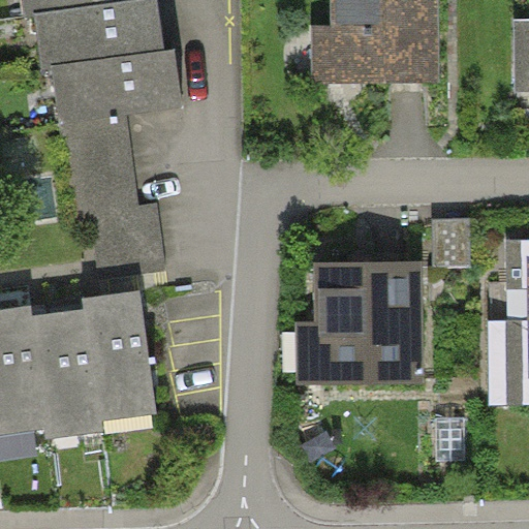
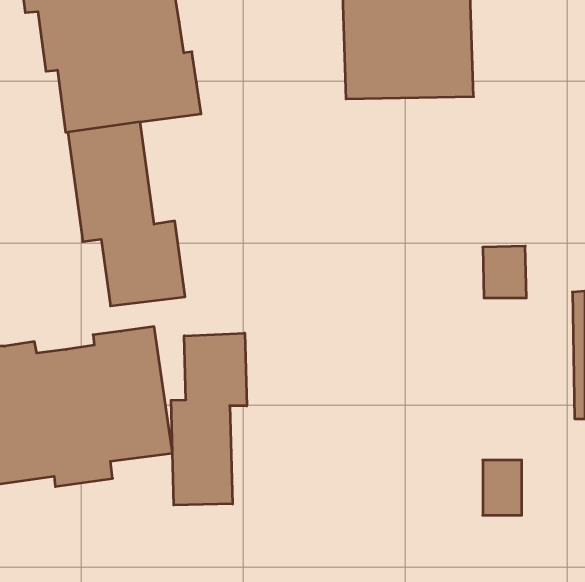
building: [294,258,427,381] -> none
building: none -> [171,333,247,505]

